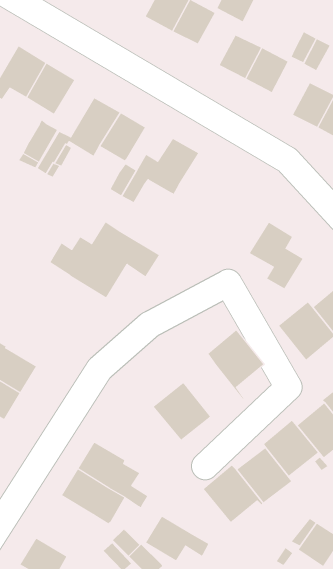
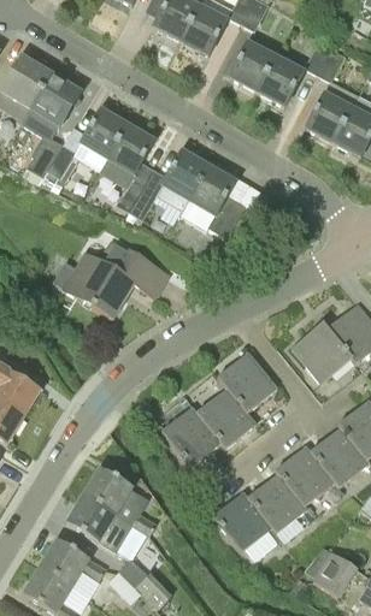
building: [249,222,303,289] -> [189,167,246,237]
building: none -> [198,387,255,446]
building: [145,516,209,561] -> [40,539,106,586]

